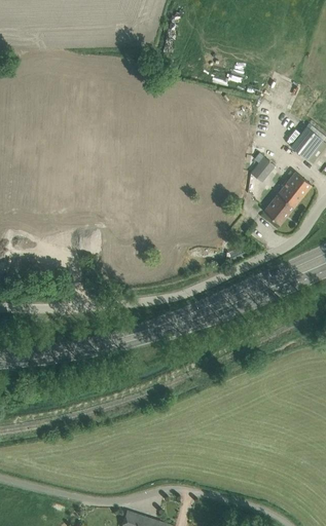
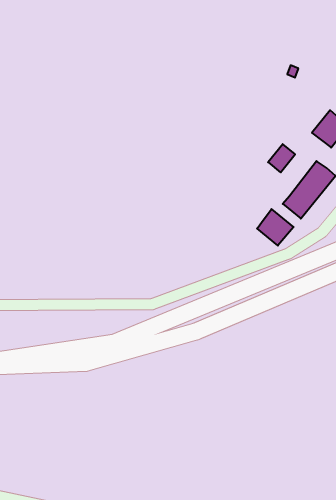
building: none -> [257,209,294,246]

